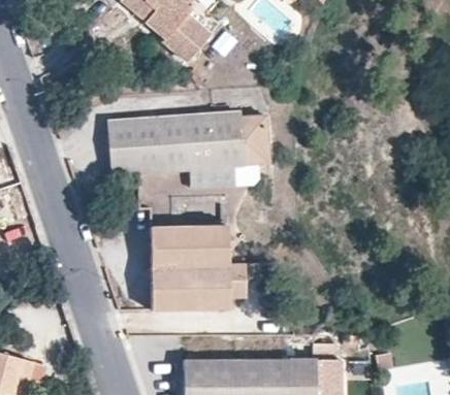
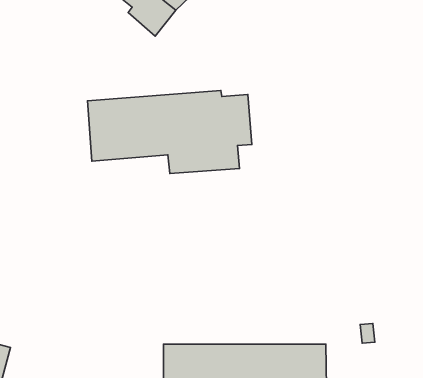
building: [151,228,248,309] -> none

